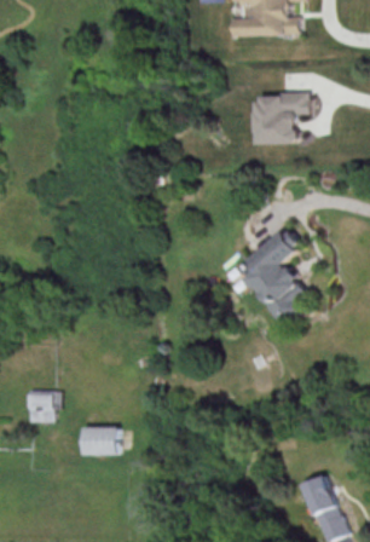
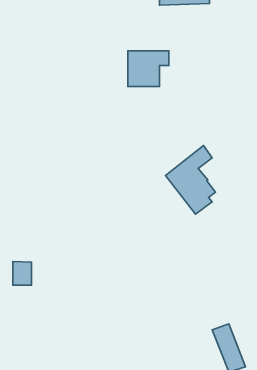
building: [253,93,310,143] -> [128,51,169,87]
building: [83,426,118,454] -> none

